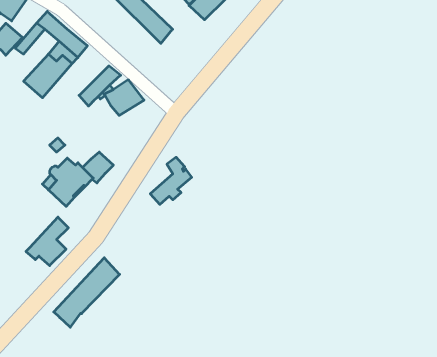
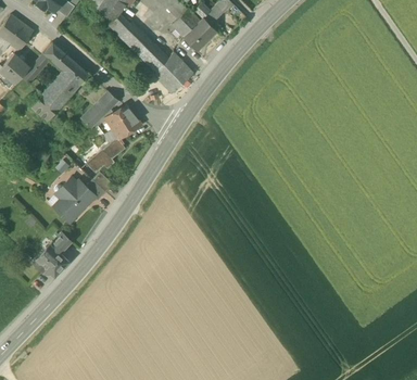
building: none -> [155,52,194,92]
building: [150,157,192,204] -> [88,129,126,173]
building: [54,258,120,327] -> none

